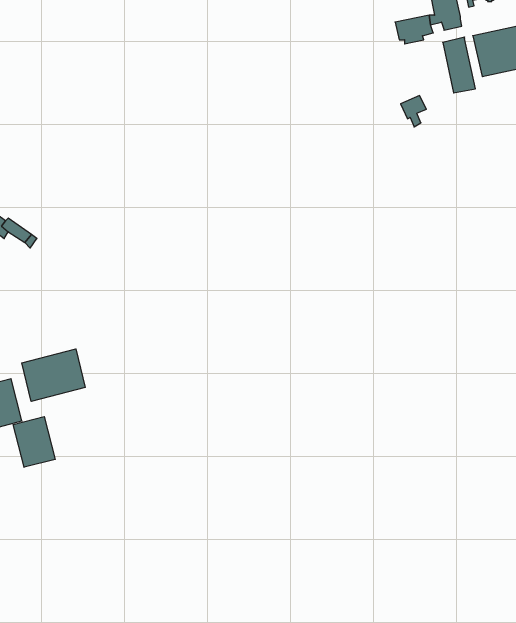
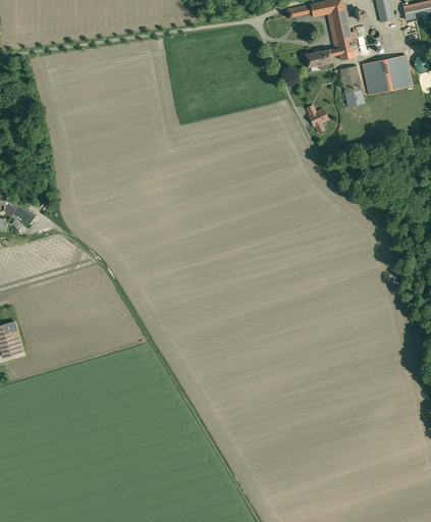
building: [22,349,85,401] -> none
building: [13,417,55,467] -> none

